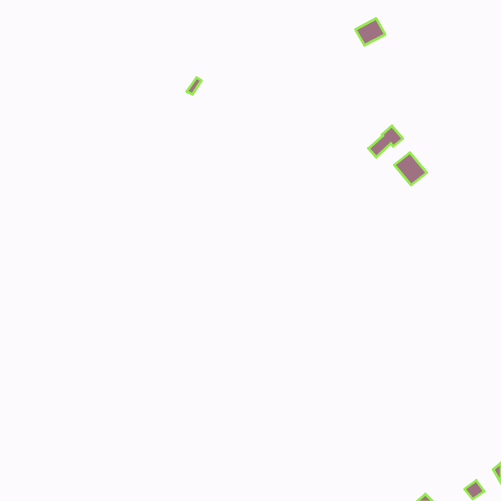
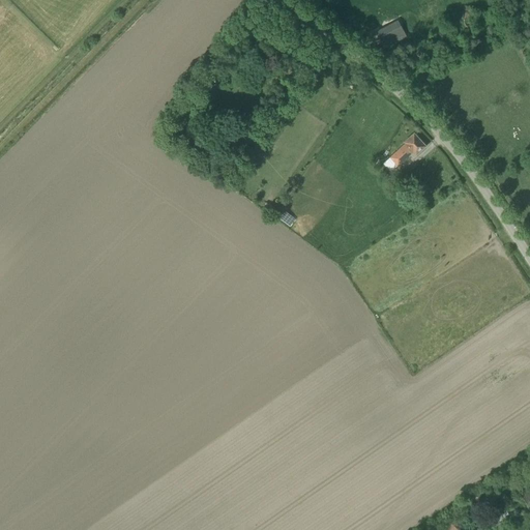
building: [394,153,427,185] -> none

